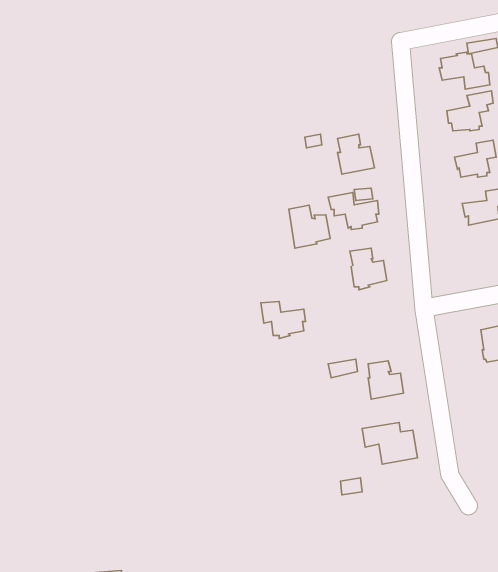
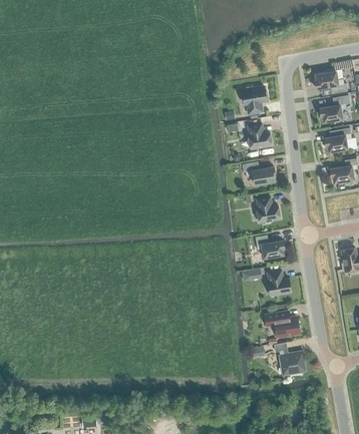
building: none -> [242,86,268,113]
building: [289,205,330,248] -> none
building: [261,301,305,338] -> [255,236,284,260]
building: none -> [274,343,305,375]

